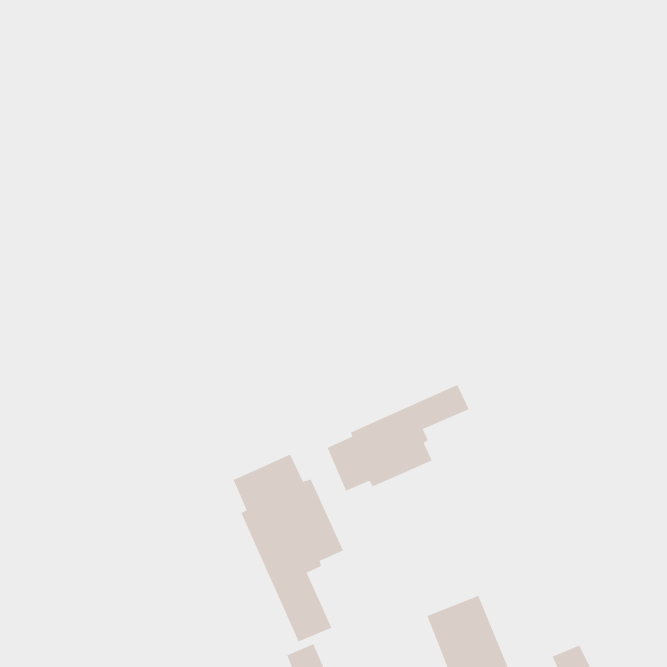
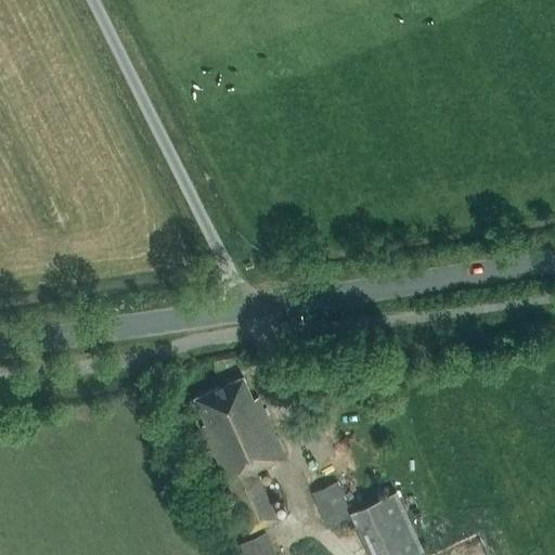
building: [327,384,470,491] -> none
building: none -> [313,482,353,526]

